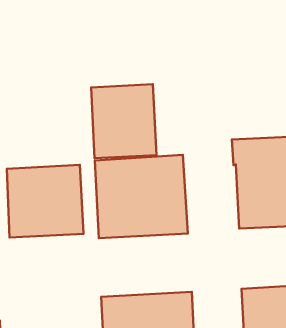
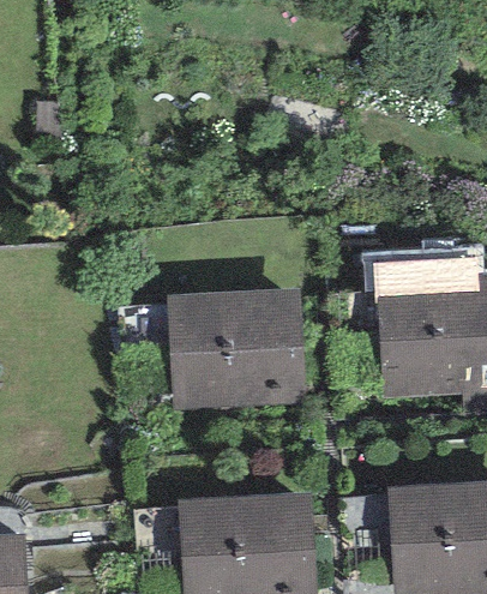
building: [91,84,157,158] -> none
building: [7,165,83,238] -> none

